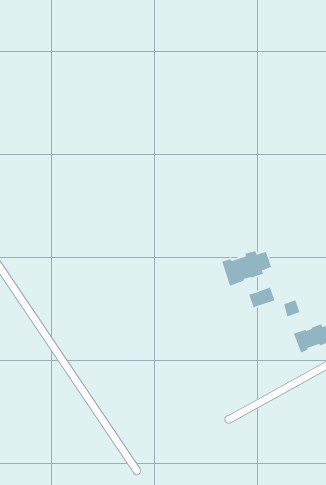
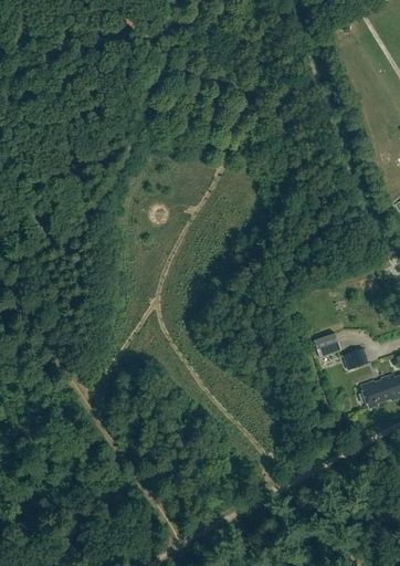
building: [221,250,272,287] -> none

